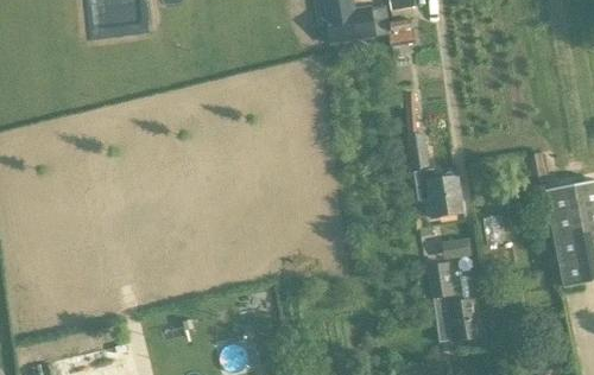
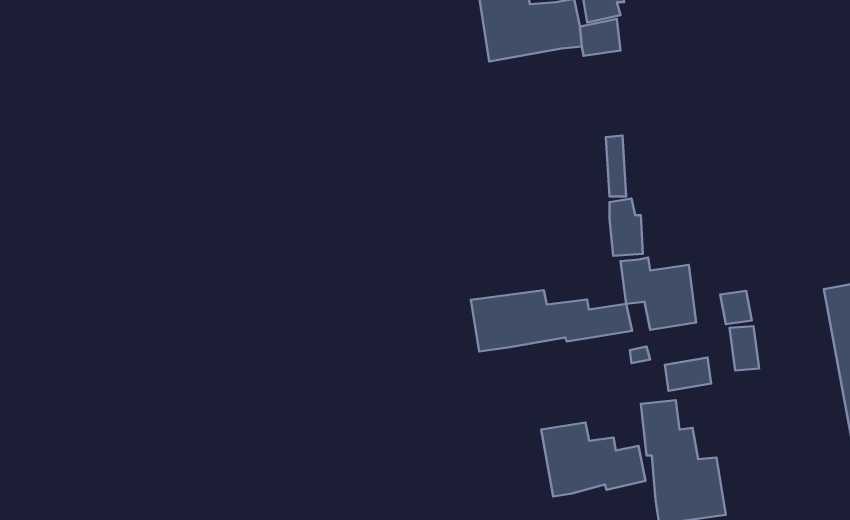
building: none -> [471,290,632,351]
building: none -> [541,422,646,497]

